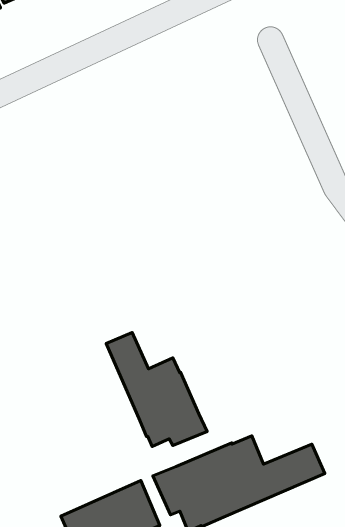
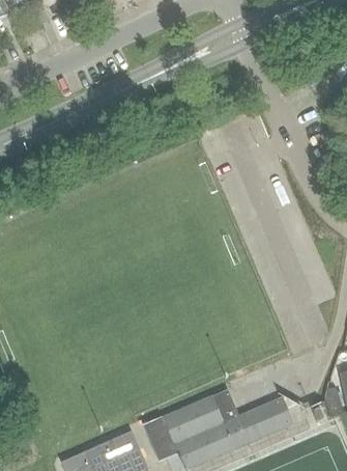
building: [106,332,207,447] -> none

